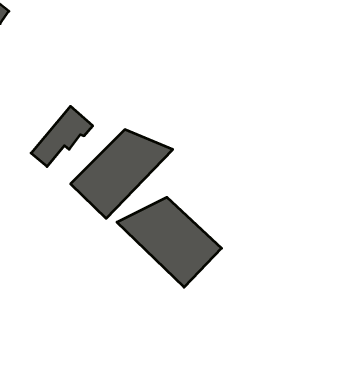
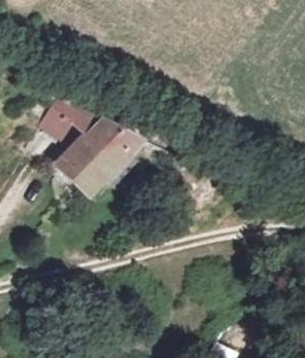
building: [117,197,222,287] -> none

